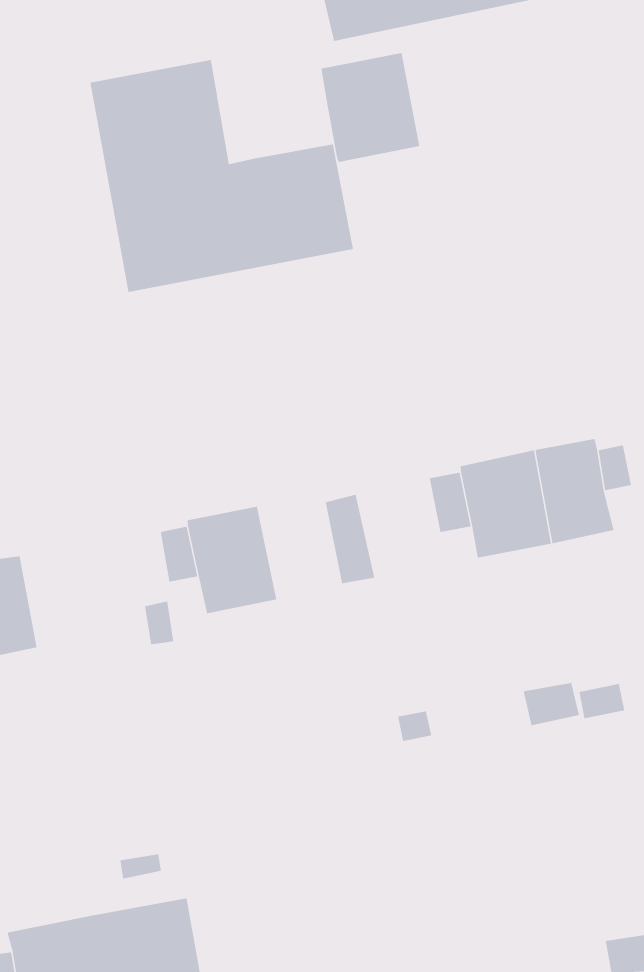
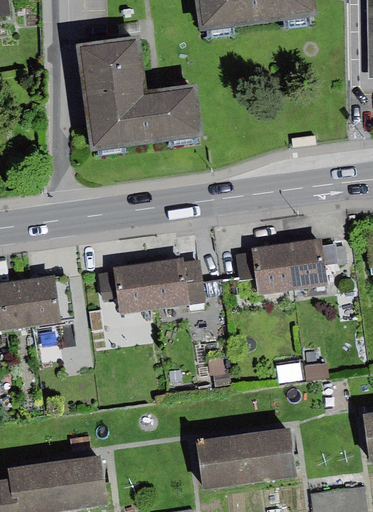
building: [320,52,420,163] -> none
building: none -> [148,258,188,310]
building: none -> [27,274,73,327]
building: none -> [197,429,297,494]

